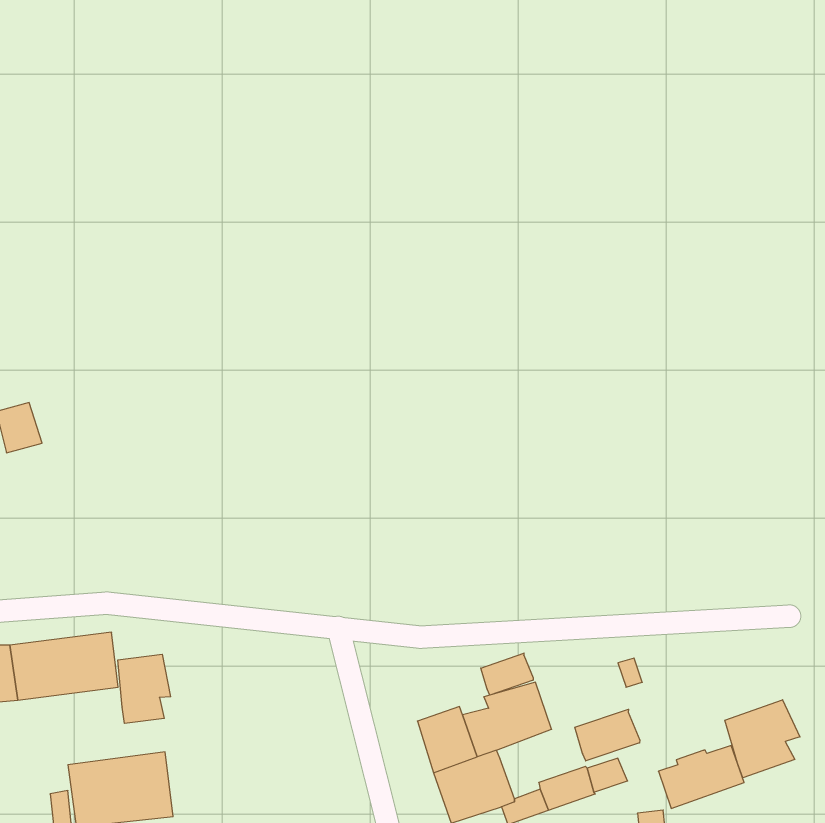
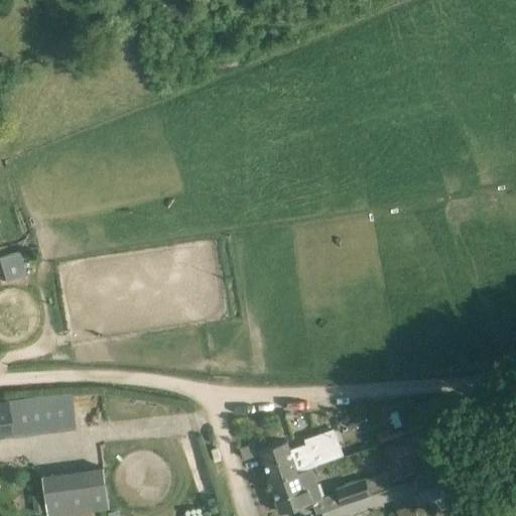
building: [481,653,533,695] -> none
building: [118,654,171,723] -> none
building: [725,700,800,778] -> none
building: [575,709,640,761] -> none

